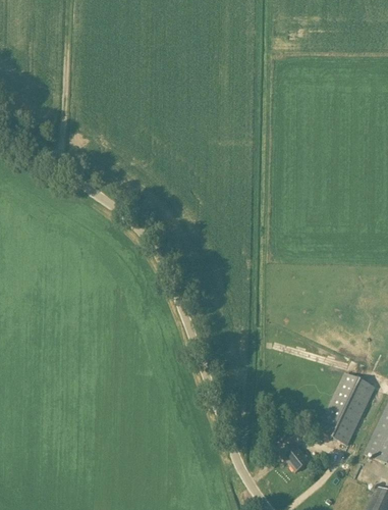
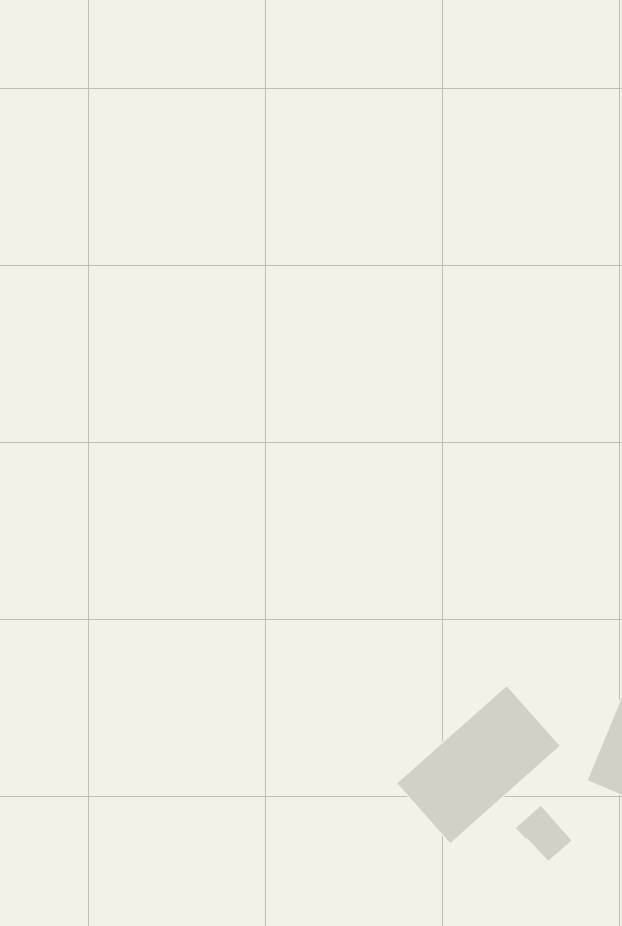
building: none -> [396,685,561,844]

